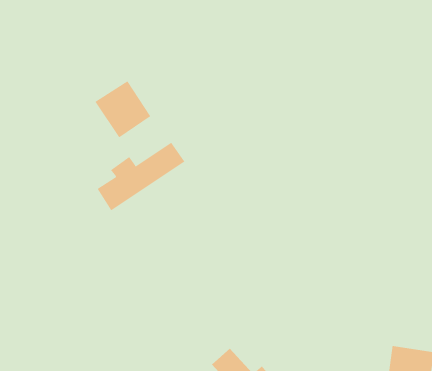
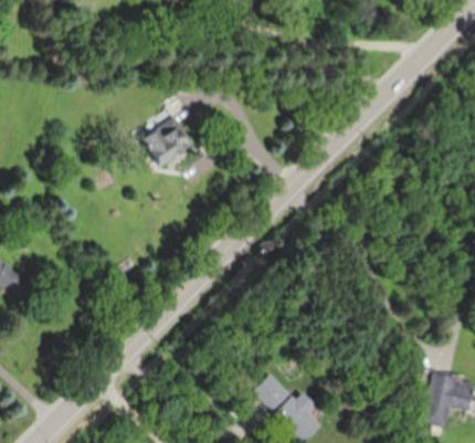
building: [97,142,185,211] -> none

